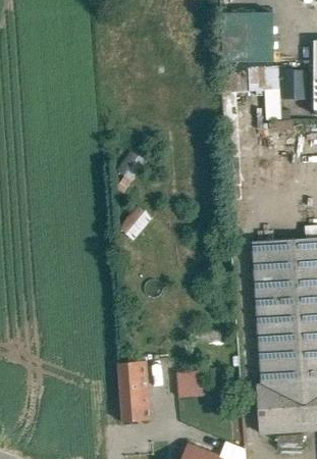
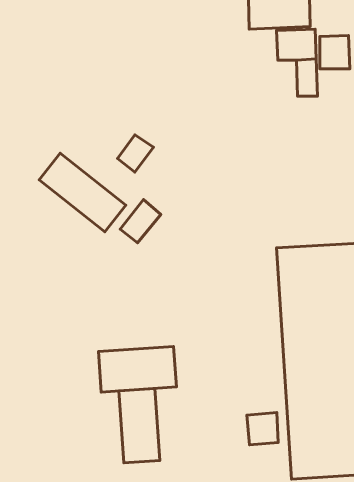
building: none -> [39,153,126,232]
building: none -> [98,346,176,392]
building: [177,370,203,397] -> [247,413,278,445]

